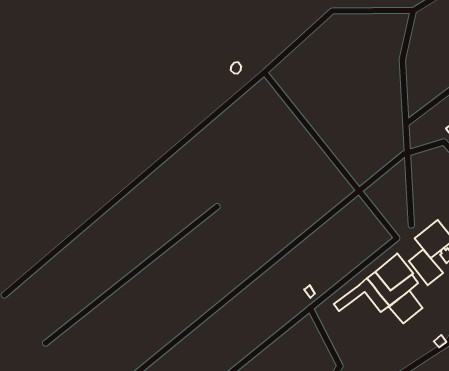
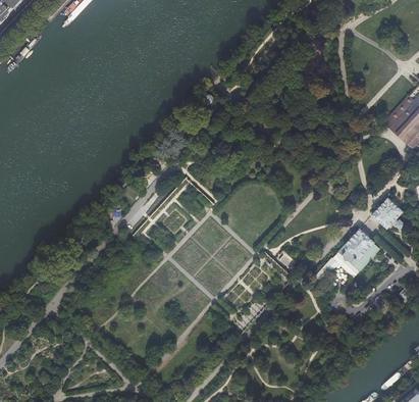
building: [409,250,443,285] -> none
building: [389,290,423,323] -> none

